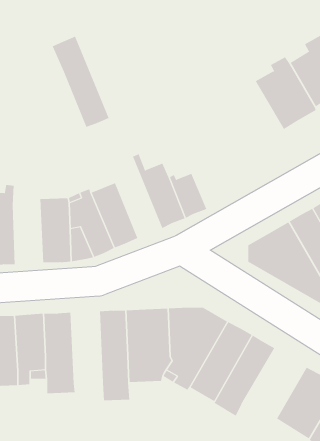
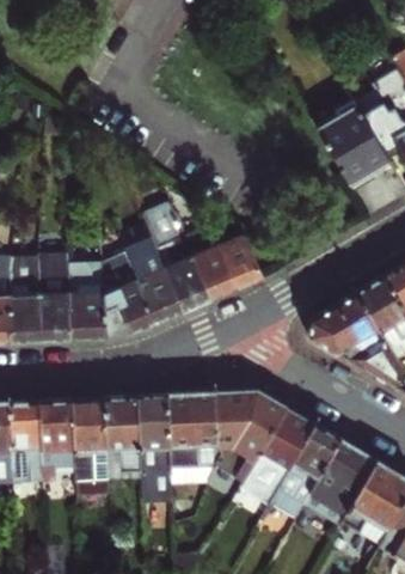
building: [52,36,110,128] -> [142,204,209,311]
building: none -> [37,231,70,342]
building: none -> [104,396,140,480]
building: none -> [302,439,376,525]

